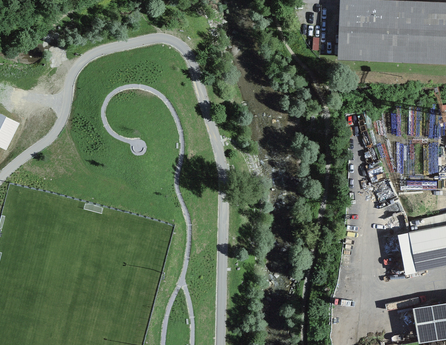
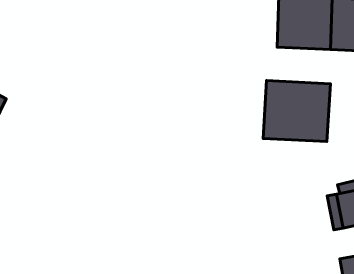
building: none -> [263,81,330,142]

